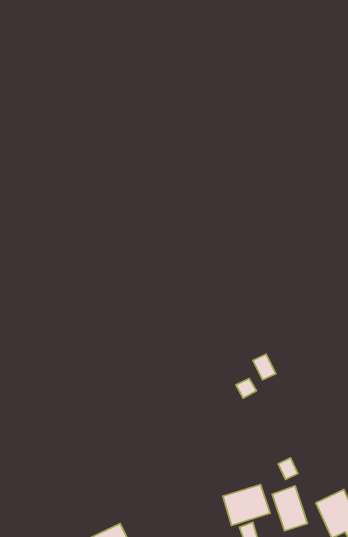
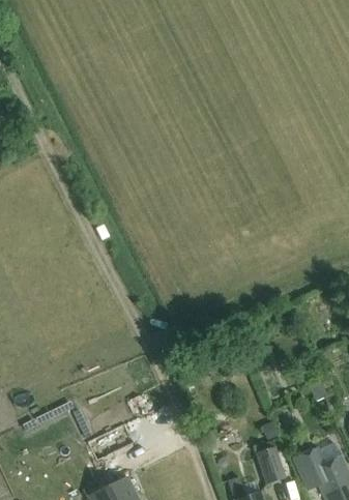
building: [223,484,270,526] -> none

